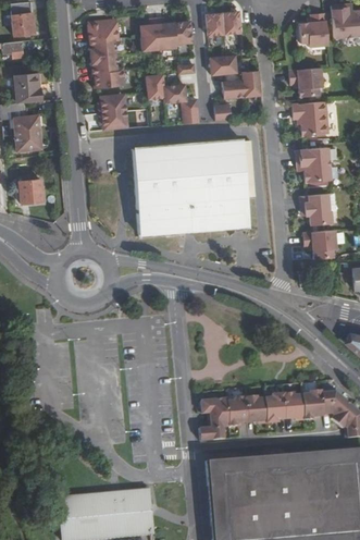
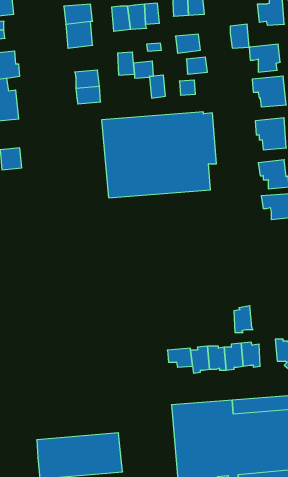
building: [91,68,126,89] -> none
building: [241,71,262,97] -> [230,24,249,48]
building: [300,389,321,418] -> [234,306,253,333]
building: [198,418,228,440] -> none

